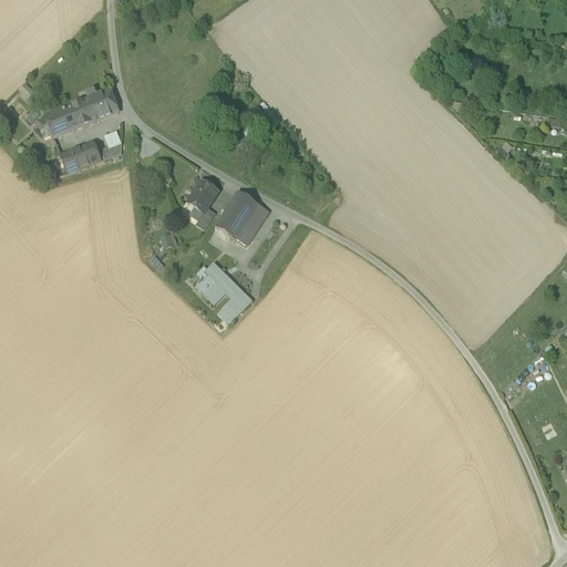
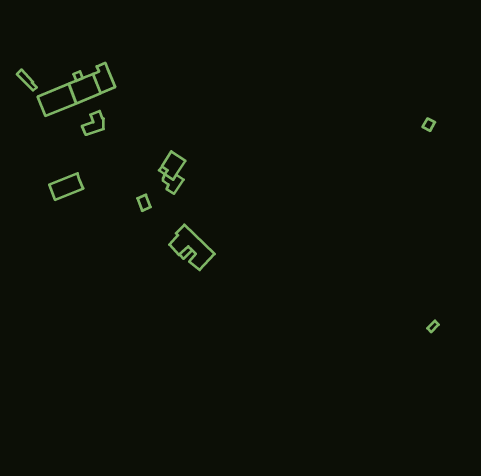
building: none -> [93,63,115,93]
building: [61,141,101,172] -> [49,173,83,200]
building: [215,189,268,244] -> none

